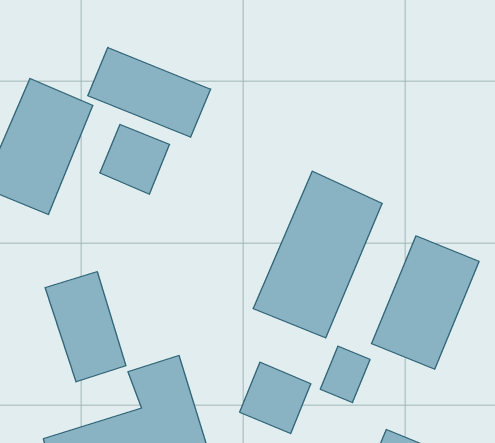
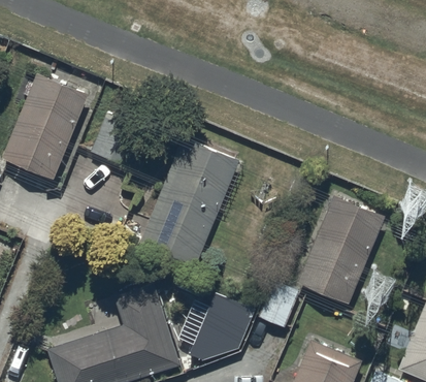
building: [88,47,211,137] -> none
building: [253,171,382,338] -> [141,135,240,263]
building: [45,272,126,382] -> none

